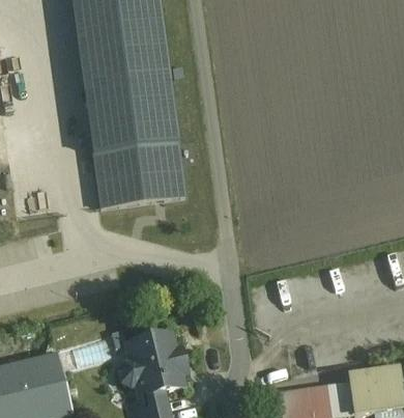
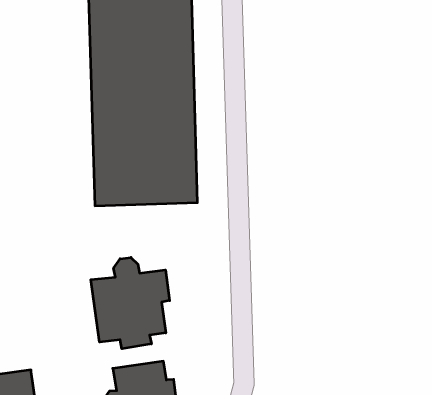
building: none -> [91,257,170,349]

